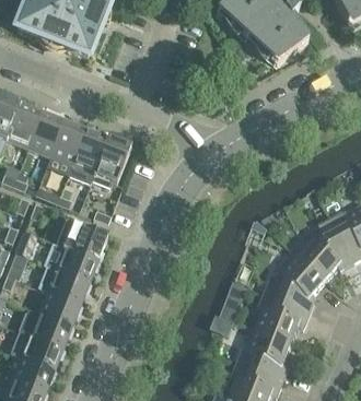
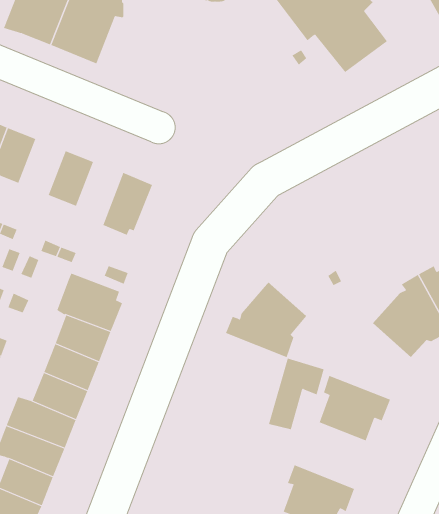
building: [30,111,65,154] -> none
building: [69,129,108,181] -> none
building: [265,251,327,309] -> [225,281,307,358]
building: [238,327,293,377] -> none

